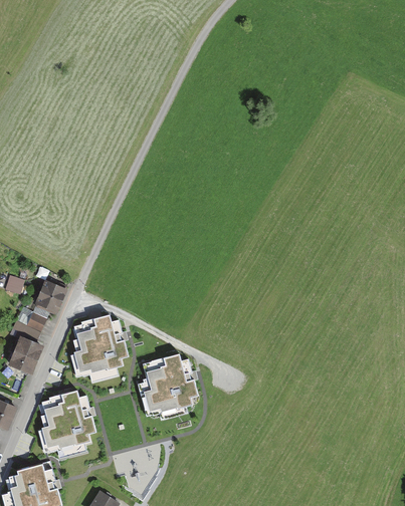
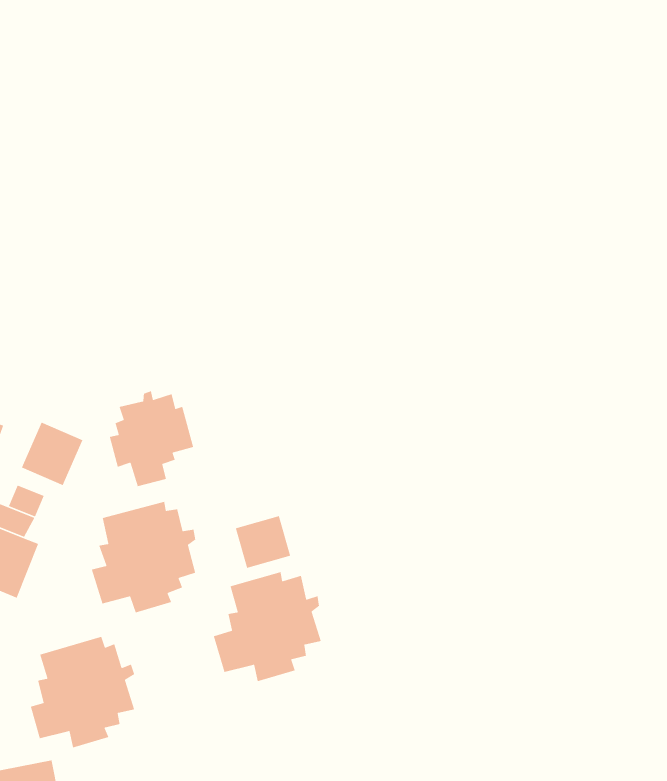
building: none -> [109,390,194,487]
building: none -> [235,515,291,569]

